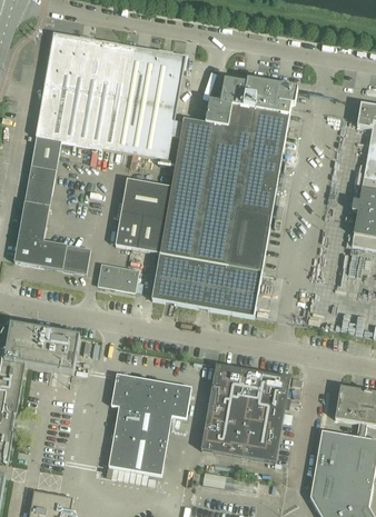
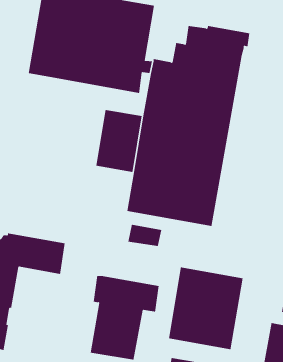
building: [13,136,90,274] -> none
building: [97,264,138,290] -> [127,224,162,247]

